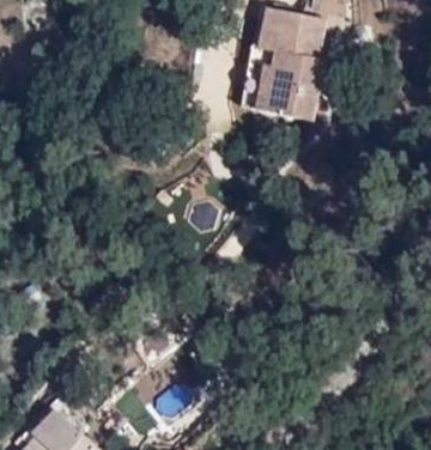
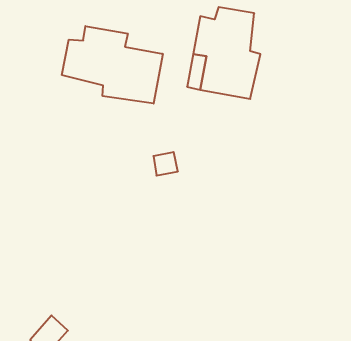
building: none -> [62,26,163,104]

